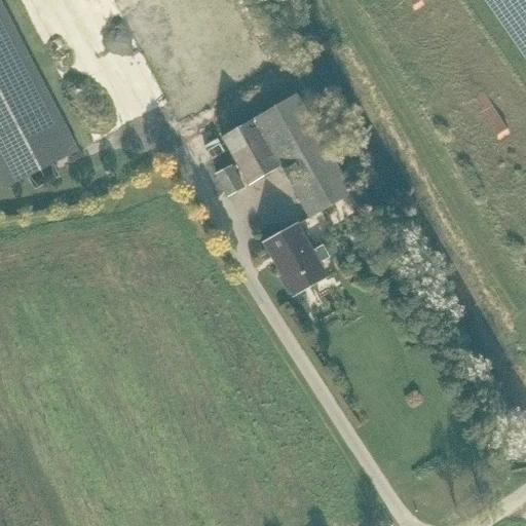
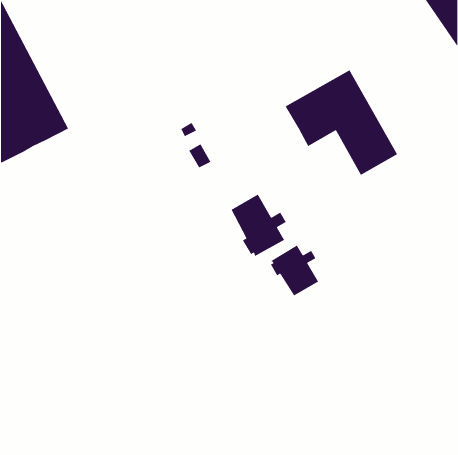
building: [221,93,351,216] -> [284,69,398,176]
building: none -> [270,245,319,297]

